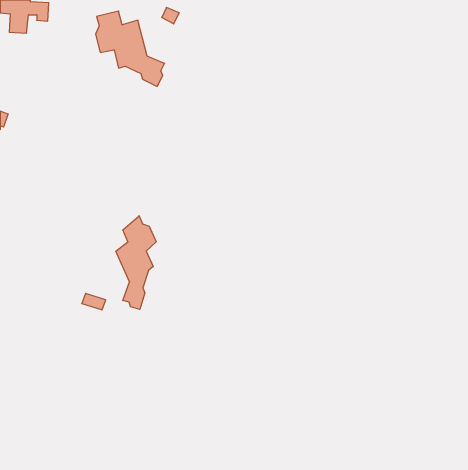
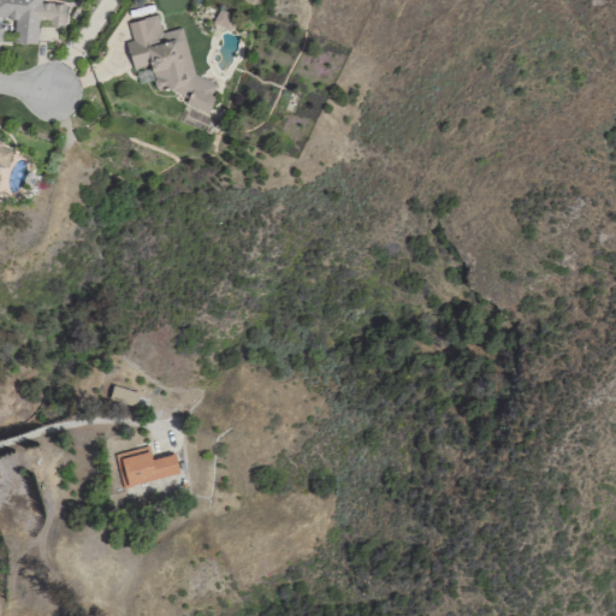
building: [116,216,156,309] -> none
building: none -> [116,445,180,486]

